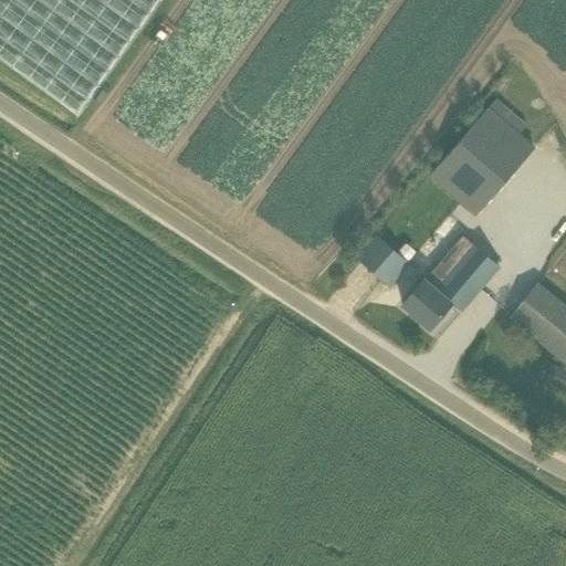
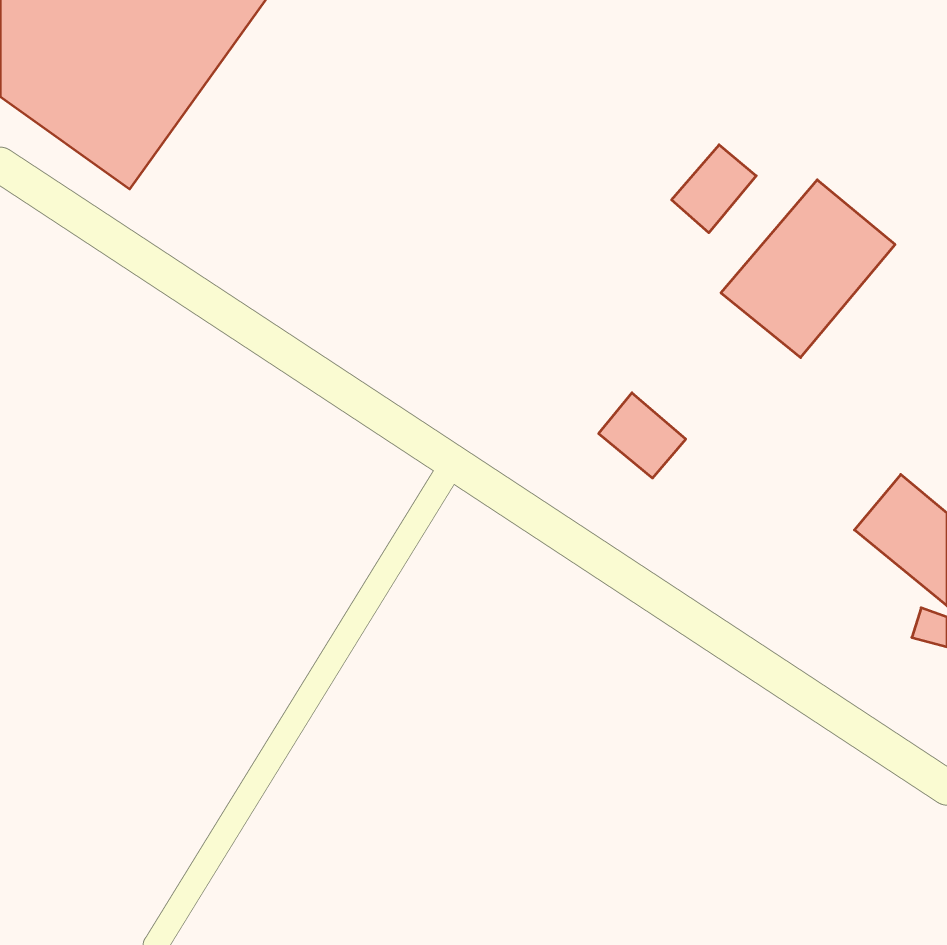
building: none -> [672,145,756,233]
building: [402,235,499,327] -> none

